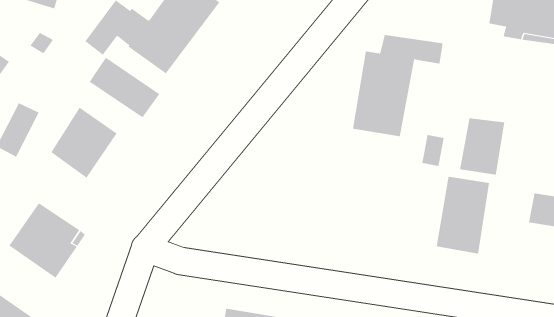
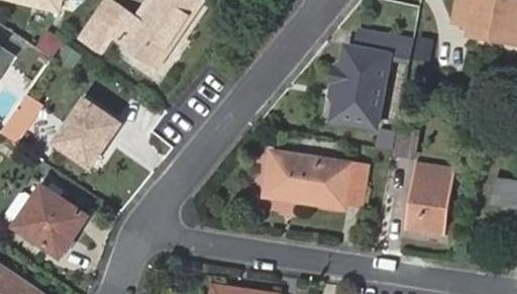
building: [89,57,160,118] -> none
building: [459,118,505,175] -> none
building: none -> [266,153,367,207]

